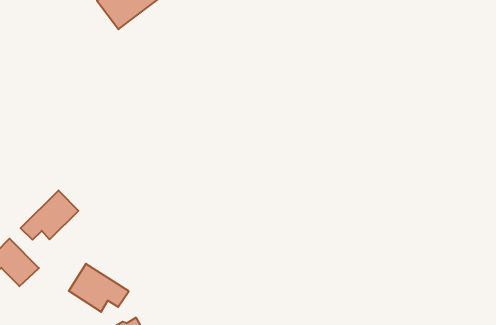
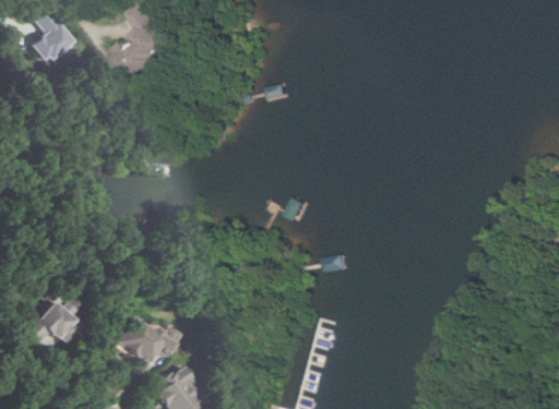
building: [21,190,78,240] -> none

